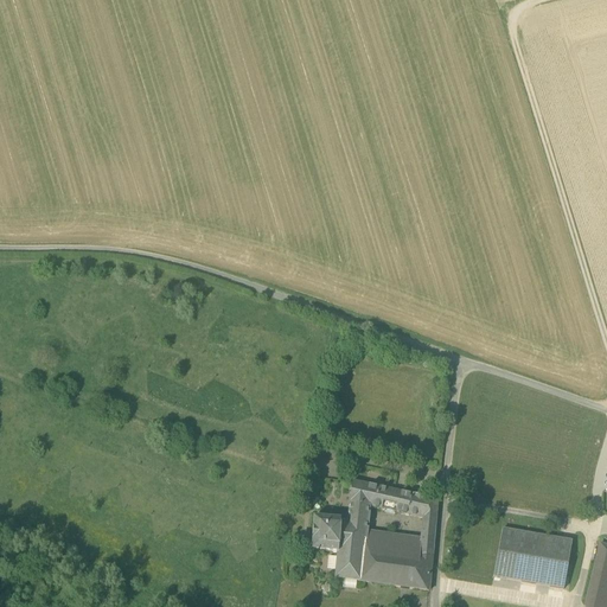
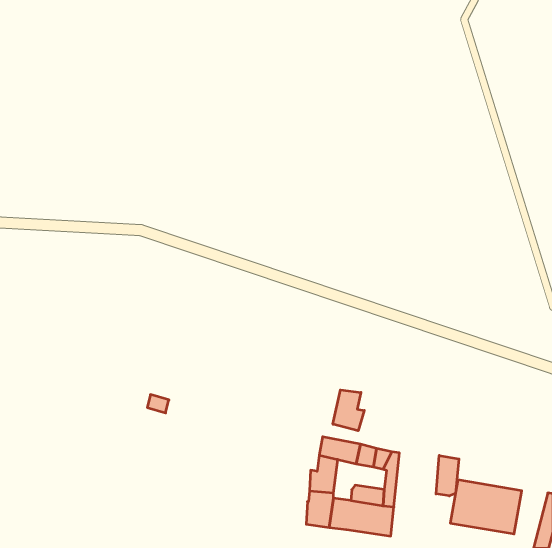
building: none -> [333,390,364,431]
building: none -> [436,455,459,496]
building: [312,515,341,550] -> none

